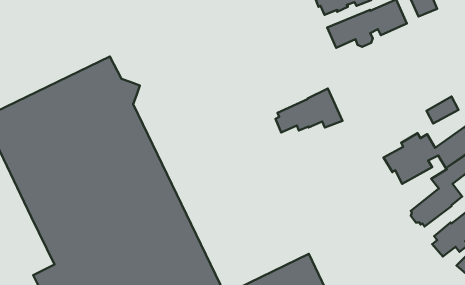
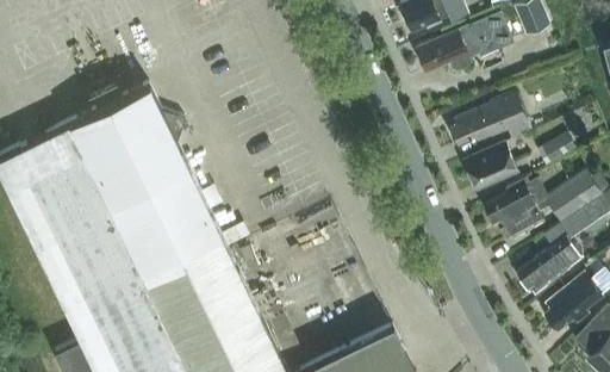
building: [275,89,342,132] -> [449,91,531,144]
building: none -> [463,142,516,190]

